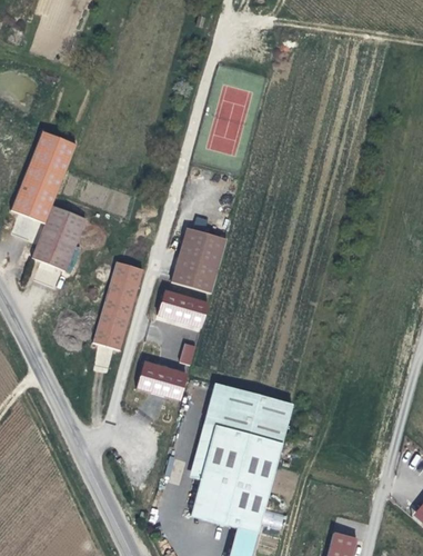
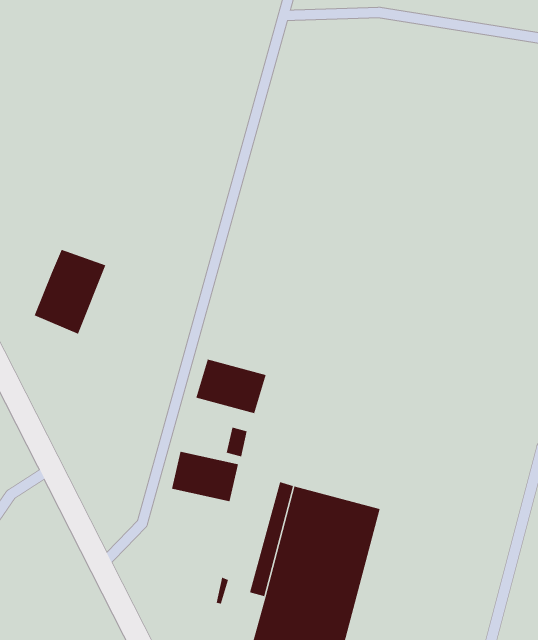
building: [10,130,75,222] -> none
building: [168,230,225,299] -> none
building: [92,259,144,349] -> none

